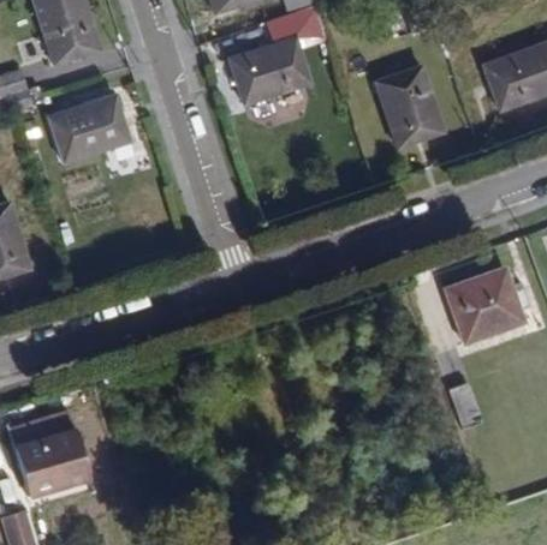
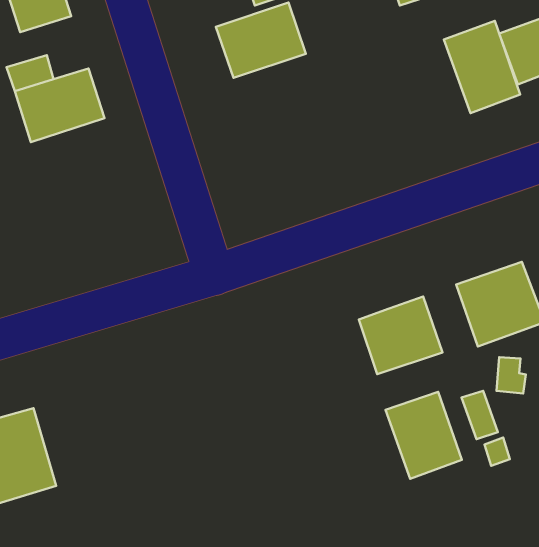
building: [375,66,444,149] -> [444,21,520,113]
building: none -> [359,296,443,374]
building: none -> [386,392,462,479]

